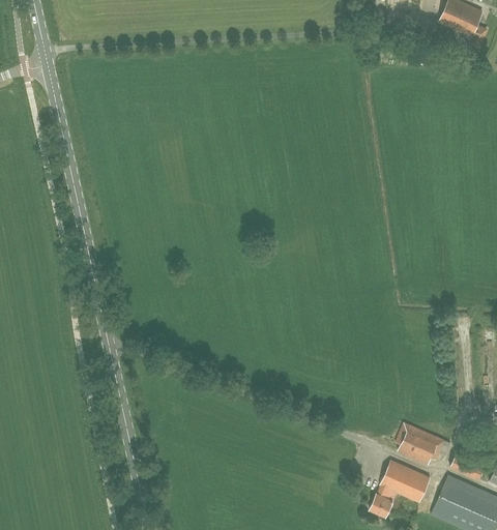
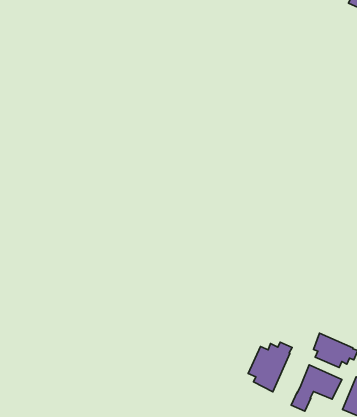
building: none -> [248,342,292,392]

